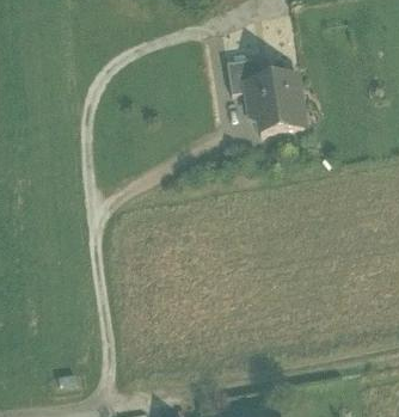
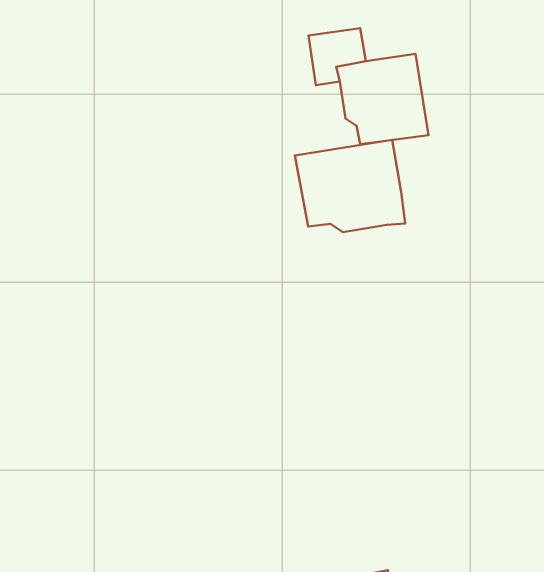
building: none -> [295,140,405,232]

